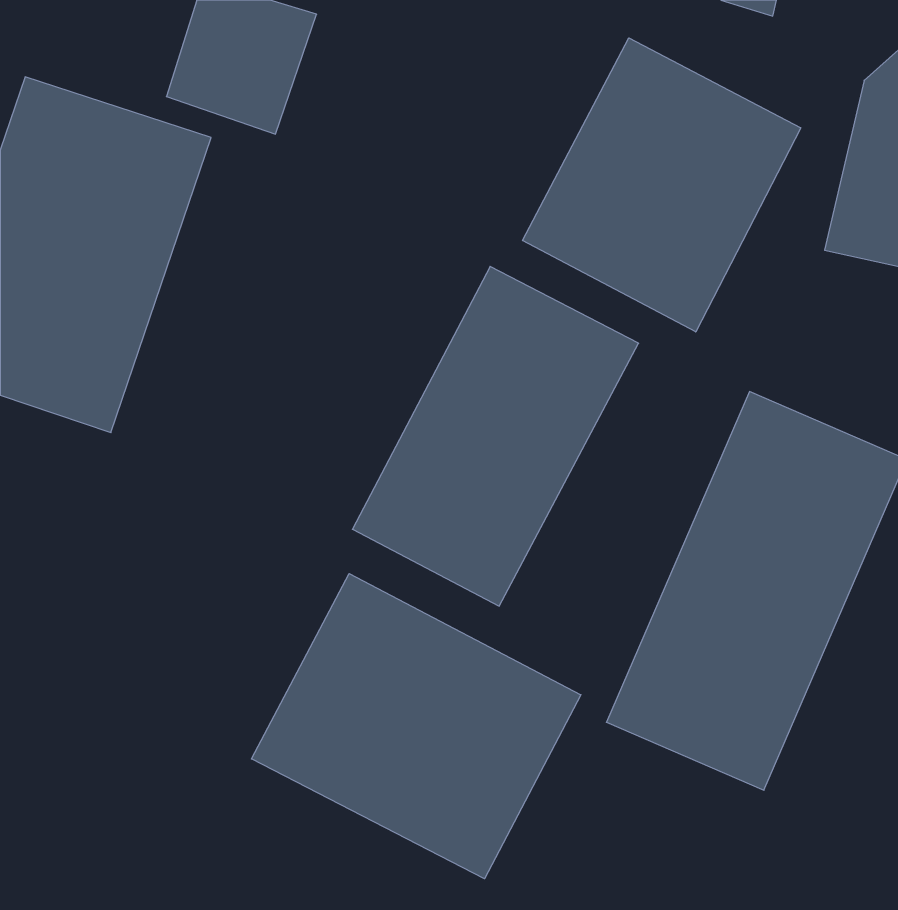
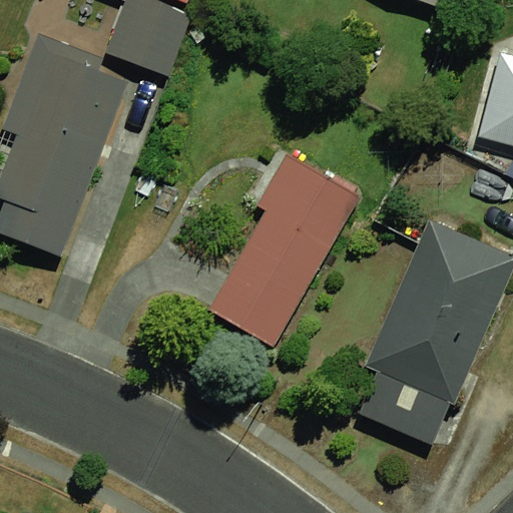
building: [523,38,801,332] -> none
building: [251,574,581,879] -> none

